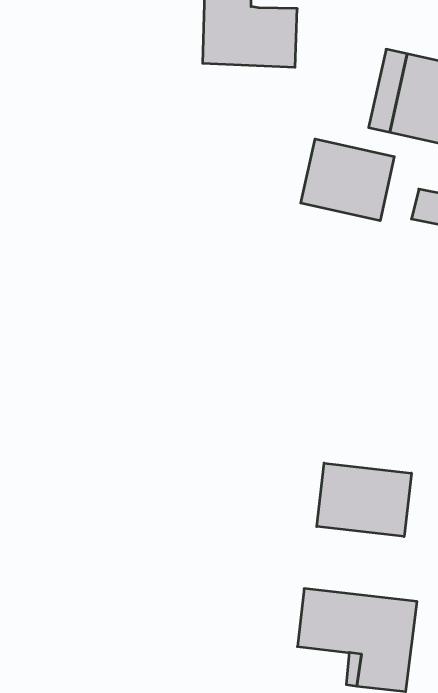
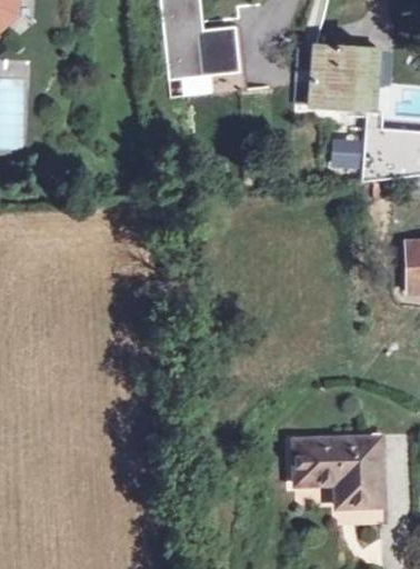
building: [301,139,394,221] -> none
building: [317,463,411,537] -> none

